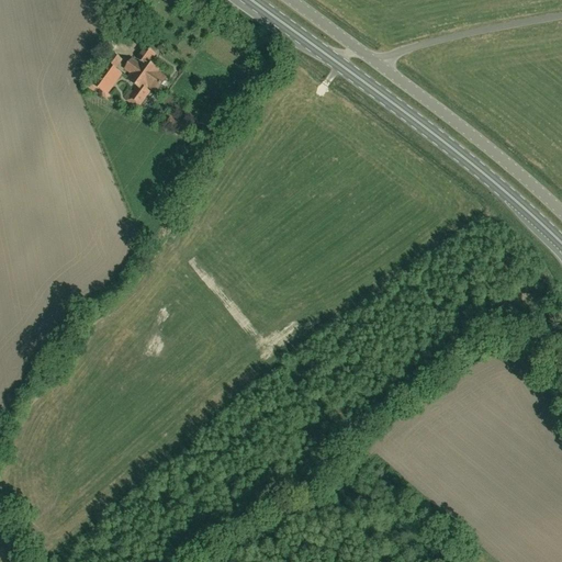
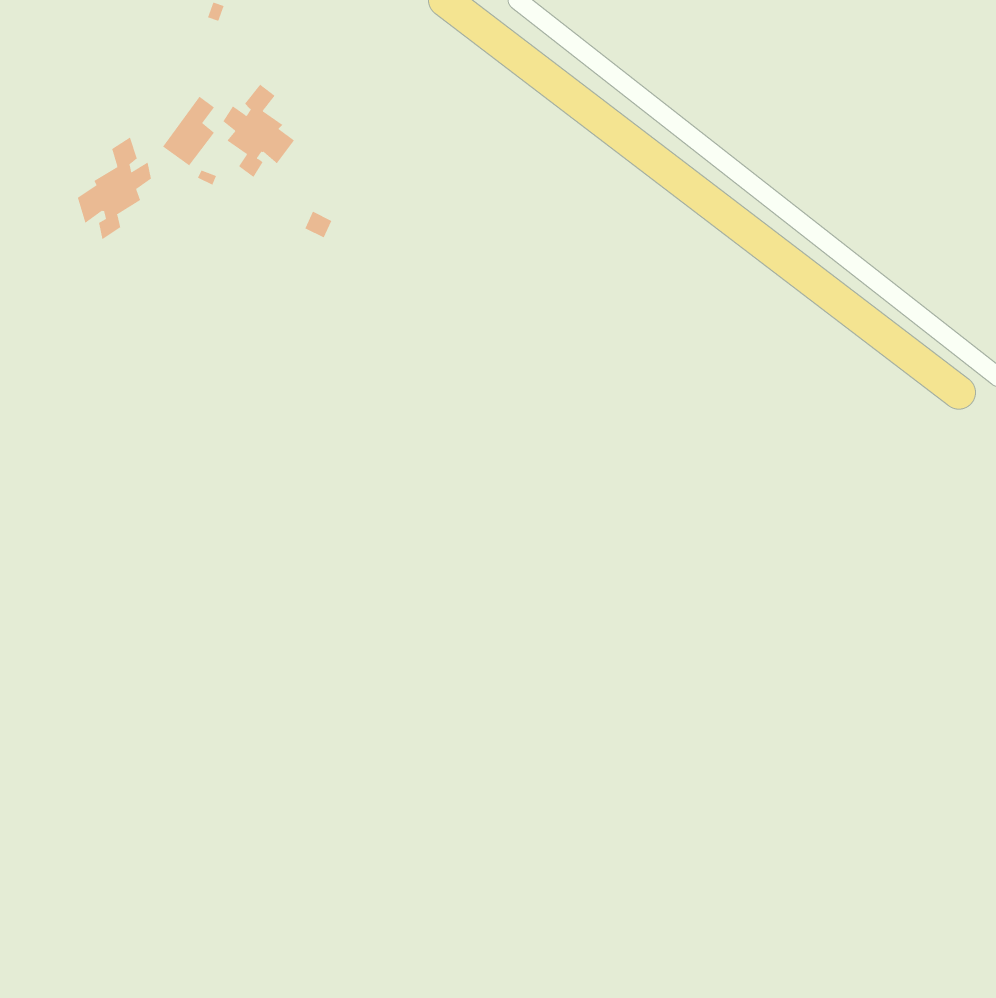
building: none -> [77,136,151,240]

